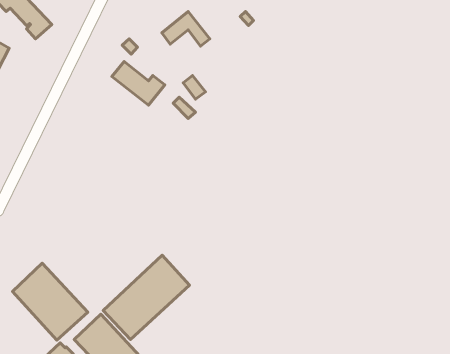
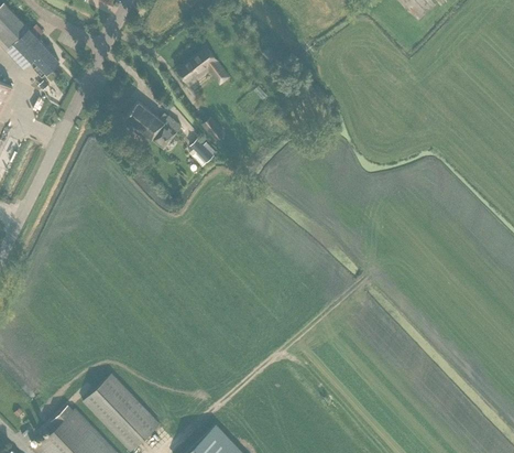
building: [103,255,189,339] -> none
building: [12,263,88,340] -> none

